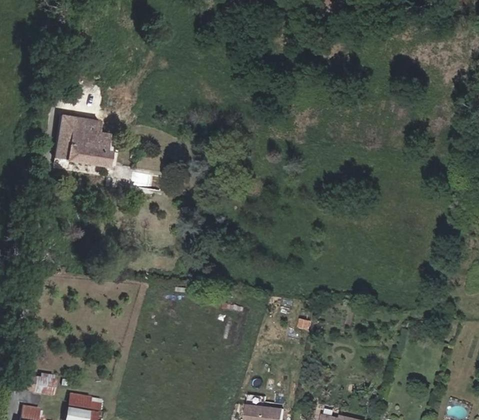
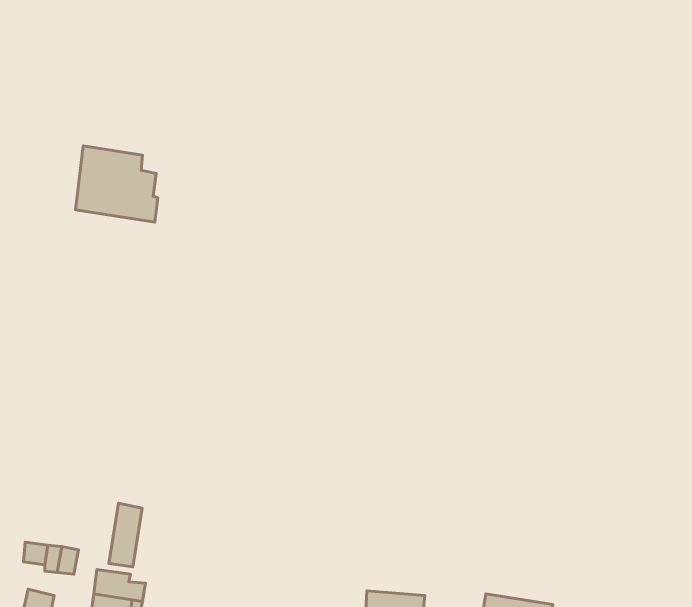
building: none -> [109,503,142,567]

